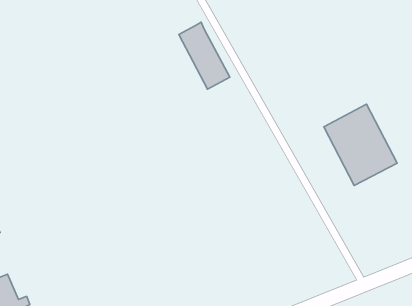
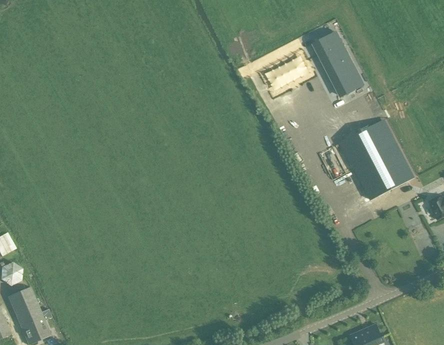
building: [179,22,230,89] -> [314,30,364,96]

